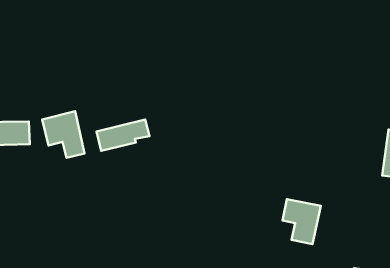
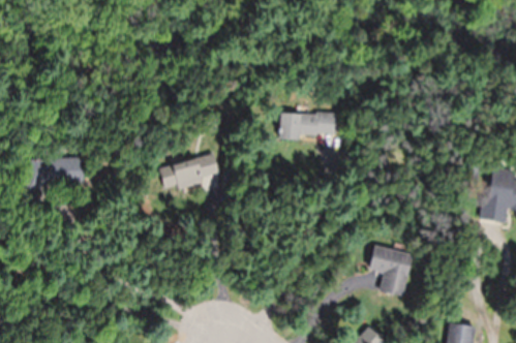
building: none -> [280,113,336,137]
building: [42,111,85,158] -> none

